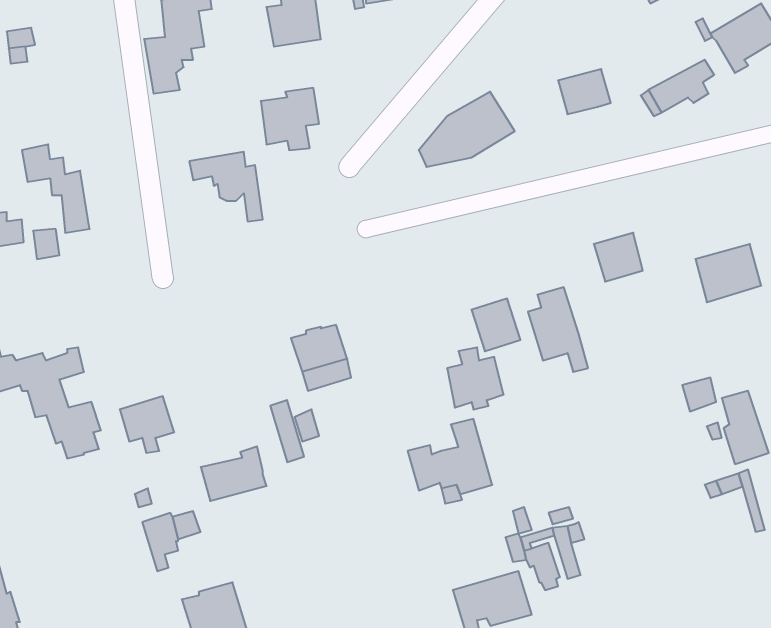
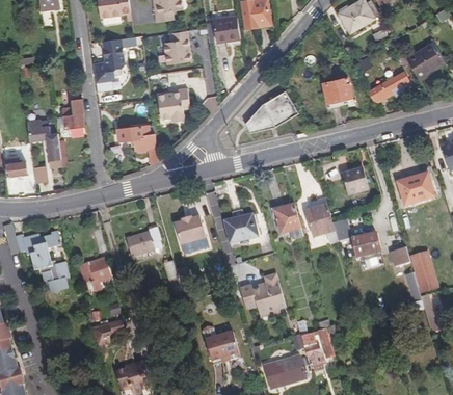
building: none -> [62,98,87,133]
building: none -> [350,232,381,259]
building: [447,347,504,410] -> [225,210,257,244]
building: [201,446,267,501] -> [126,228,162,258]
building: none -> [206,332,240,361]

